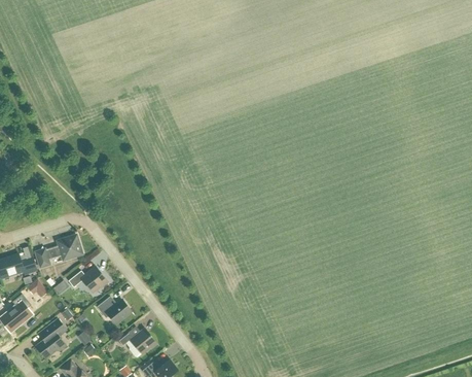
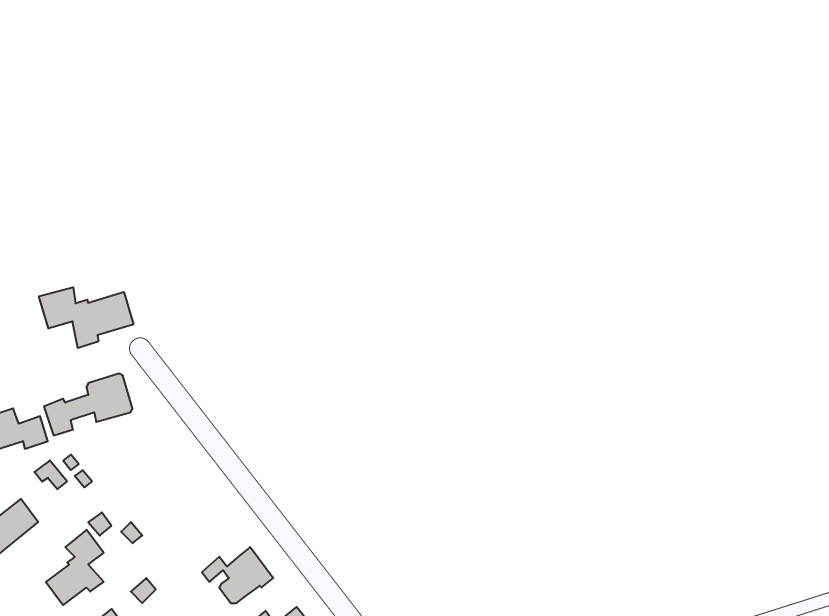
building: none -> [39,287,133,348]
building: [69,266,108,293] -> none
building: [97,296,132,322] -> none

